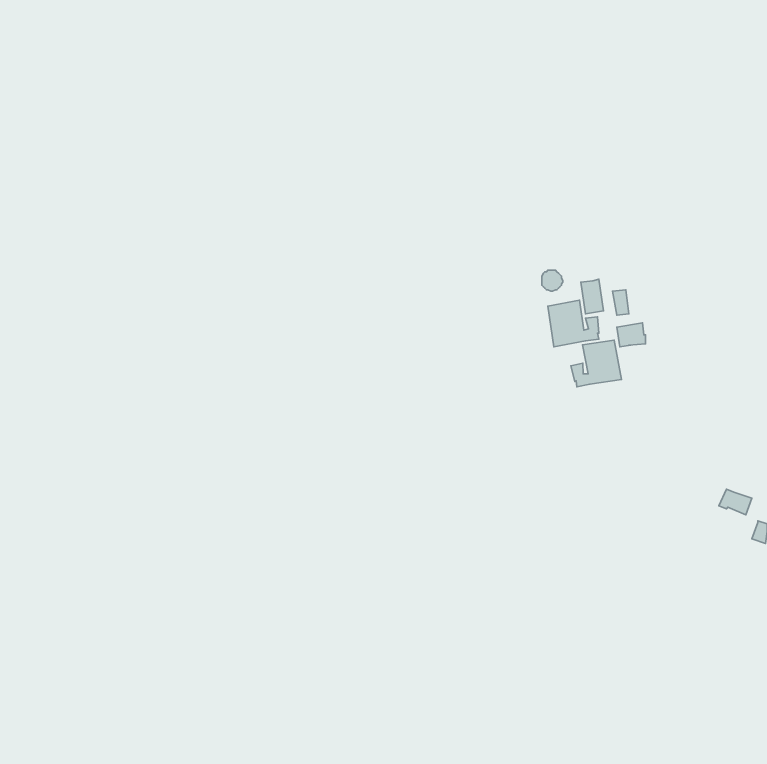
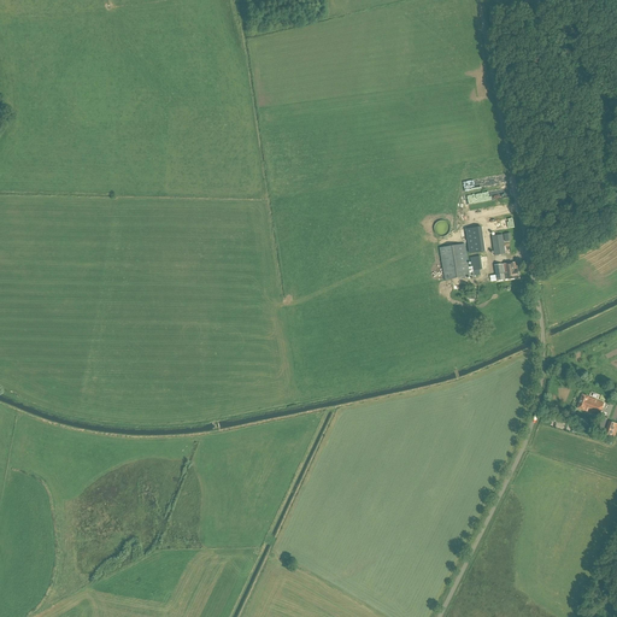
building: [571,340,622,387] -> none

